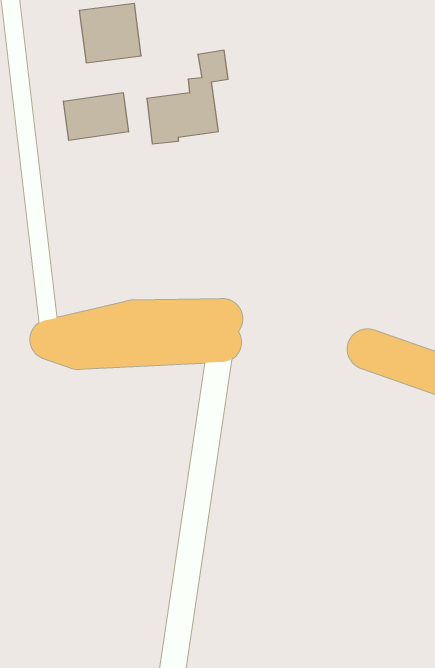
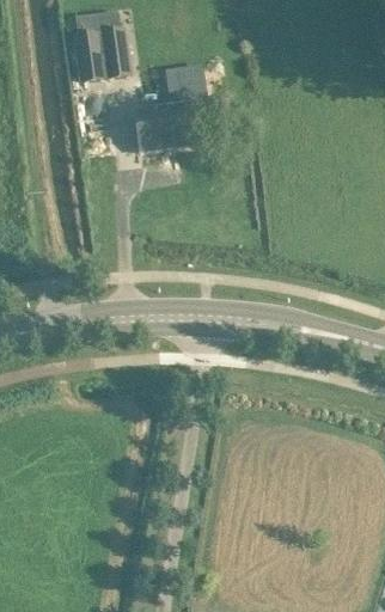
building: [63,93,128,140] -> none

